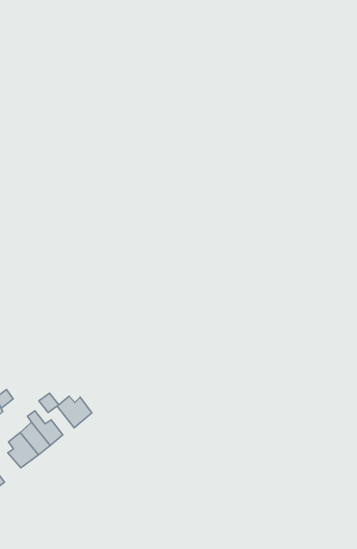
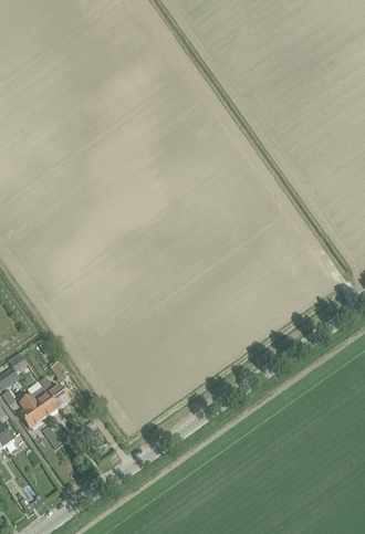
building: [57,396,92,428] -> none

